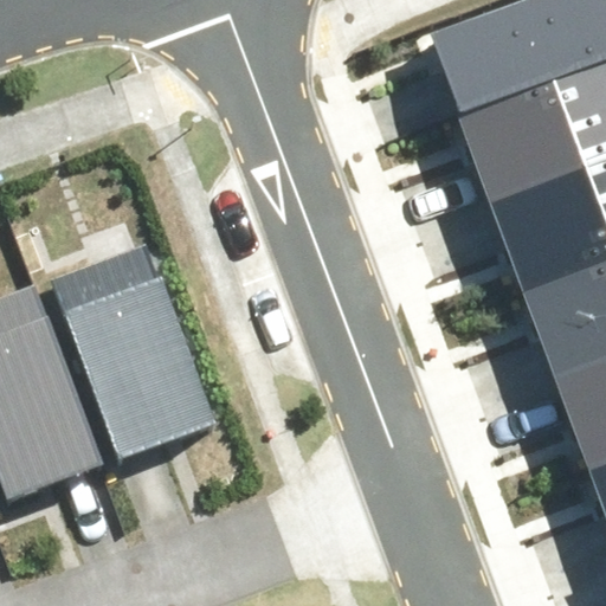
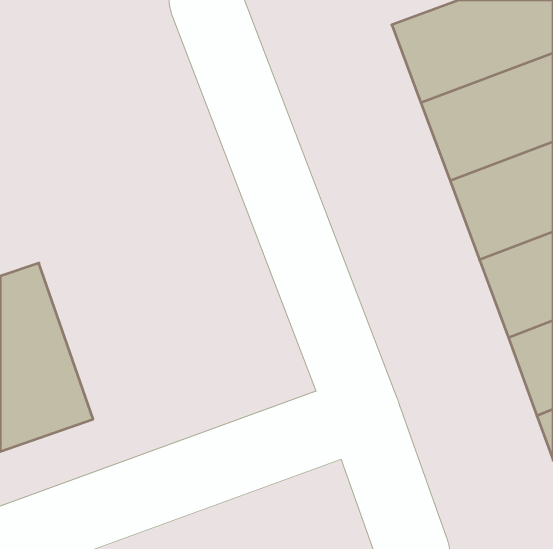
building: [43,254,214,463] -> none

